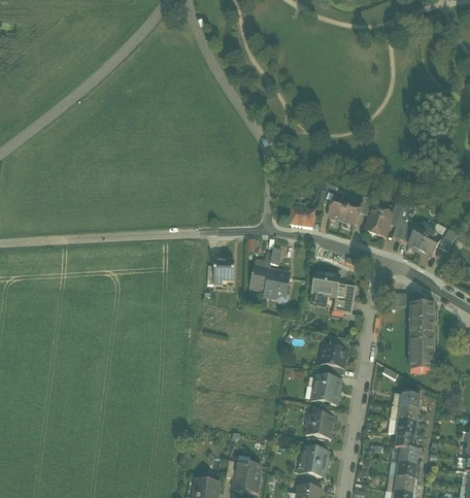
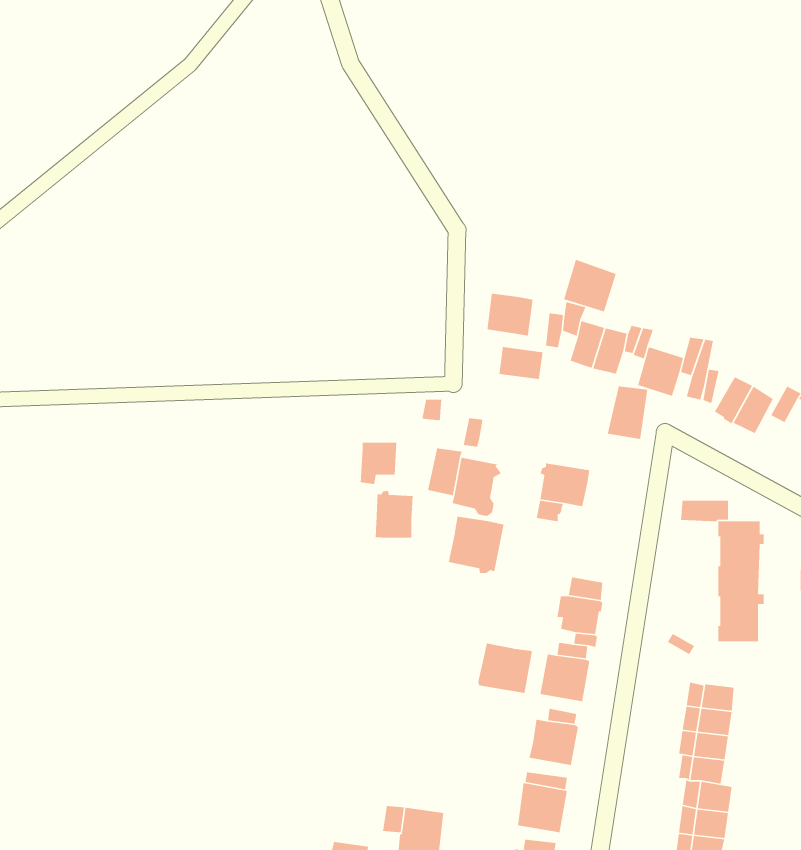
building: none -> [563,259,617,313]
building: none -> [486,293,533,336]
building: [333,284,356,313] -> [607,385,648,440]
building: none -> [375,490,414,539]
building: none -> [448,516,505,574]
building: none -> [477,643,533,694]

